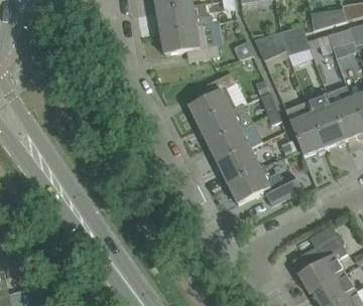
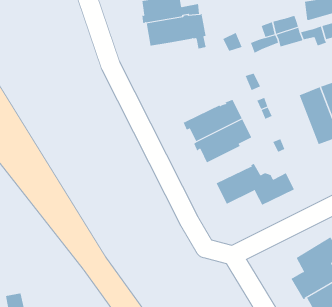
building: [188,70,245,125] -> none
building: [284,100,325,155] -> none
building: [215,148,260,183] -> none

